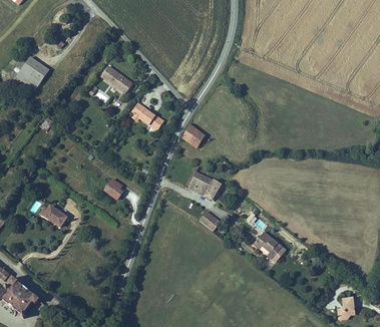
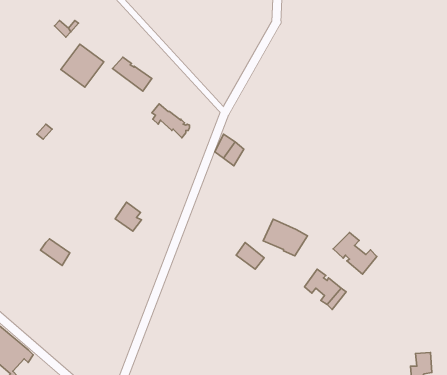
building: [18,54,52,88] -> [61,44,104,87]
building: [186,173,222,202] -> [263,219,307,256]
building: none -> [333,233,377,274]

